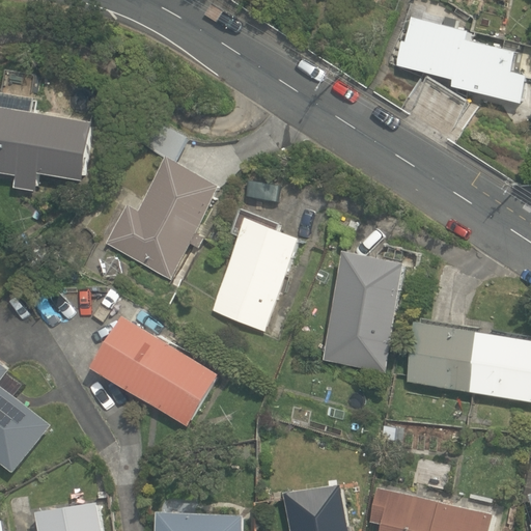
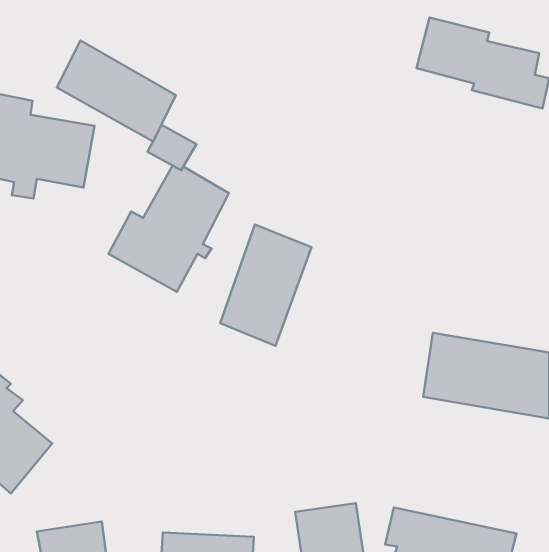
building: none -> [57,41,176,141]
building: [322,250,403,374] -> none
building: [90,314,218,427] -> none

